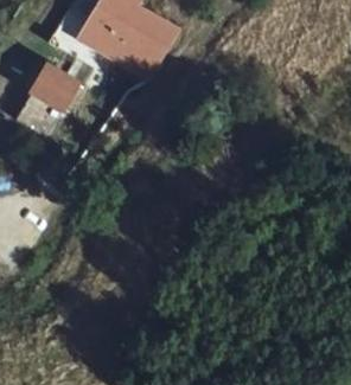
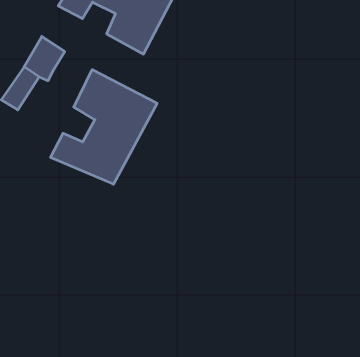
building: none -> [51,70,157,184]

